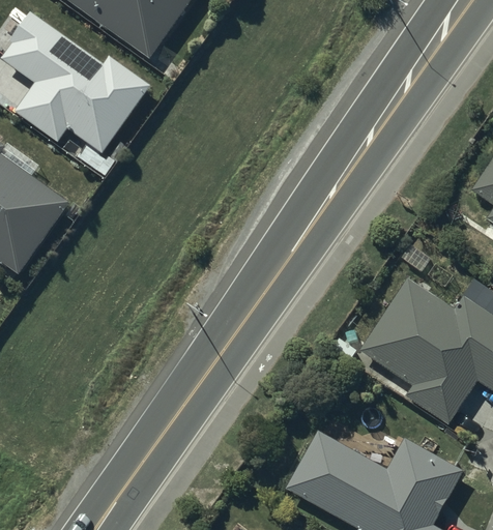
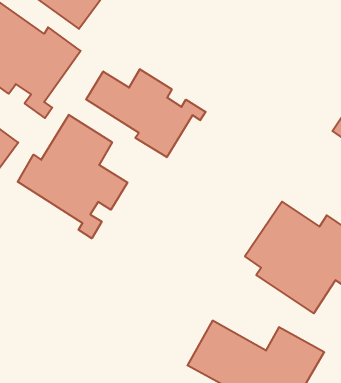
building: none -> [86,69,206,157]
building: none -> [18,115,127,238]

